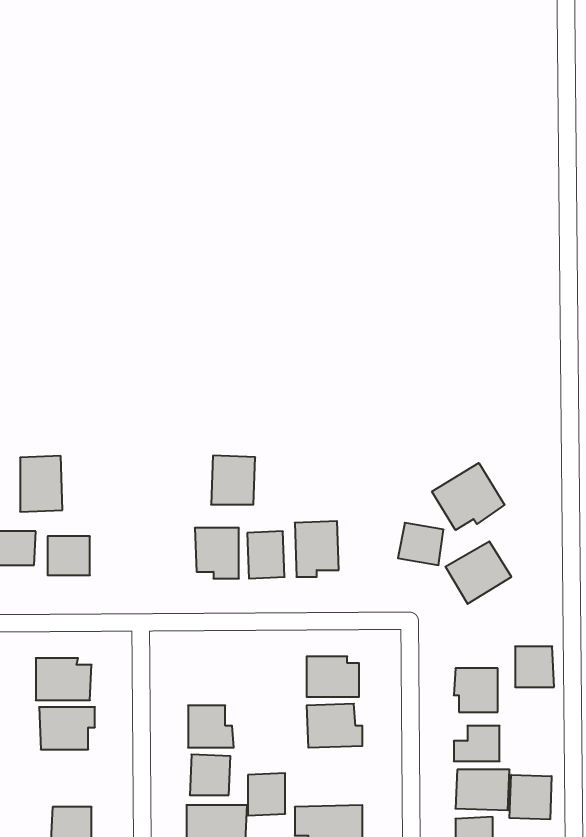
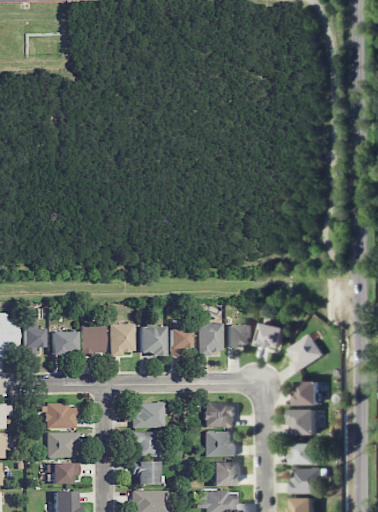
building: [211,456,255,505] -> [109,323,135,352]
building: [20,456,62,512] -> [80,323,105,356]
building: [432,463,505,530] -> none
building: none -> [227,324,252,347]
building: [515,646,554,687] -> [297,381,320,405]
building: none -> [134,402,165,427]
building: none -> [46,462,79,484]
building: [248,773,285,816] -> [212,461,234,486]
building: [510,775,552,819] -> none

